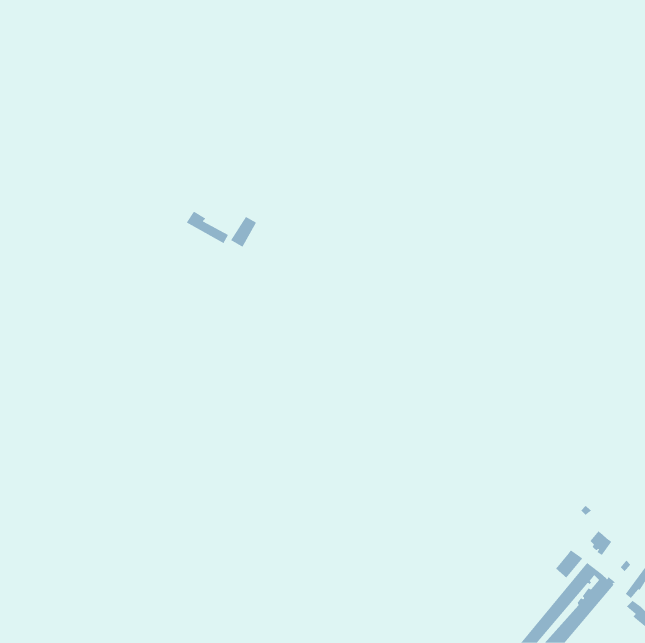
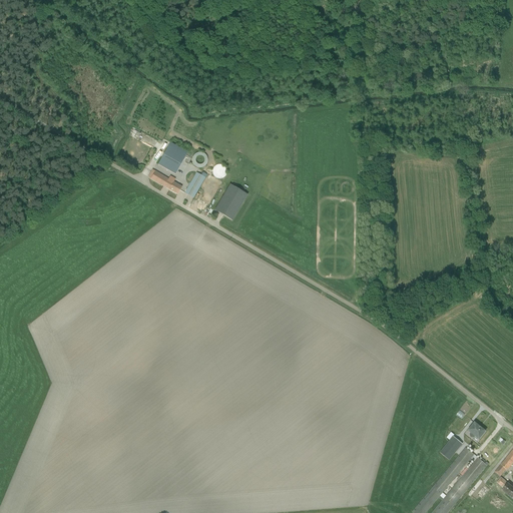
building: none -> [155,142,188,173]
building: none -> [216,182,247,217]

